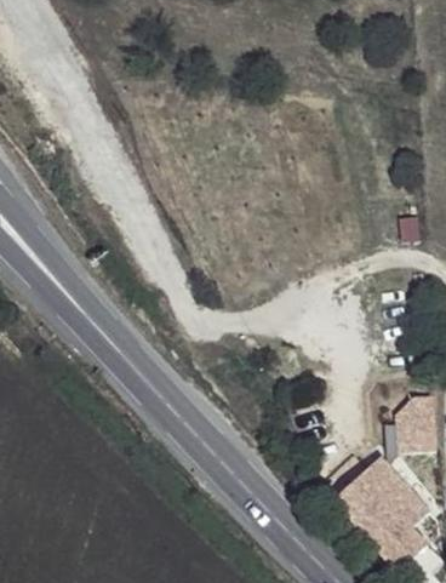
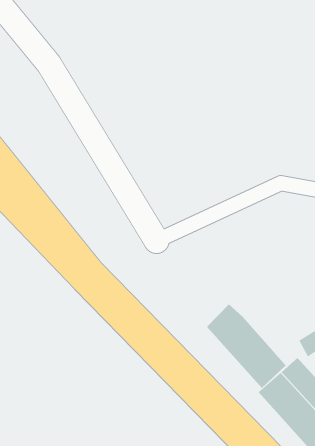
building: none -> [206,304,287,389]

